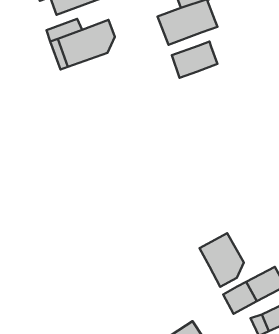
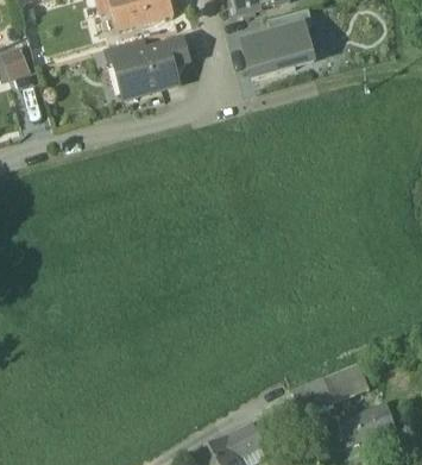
building: [172,42,218,78] -> none
building: [199,233,244,287] -> none

